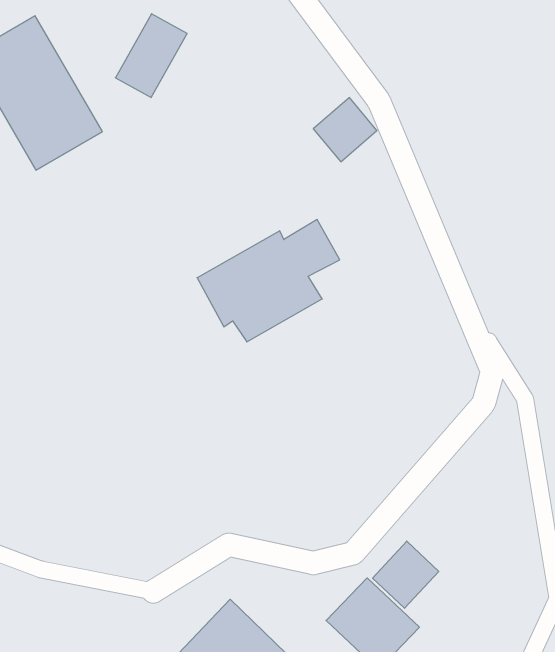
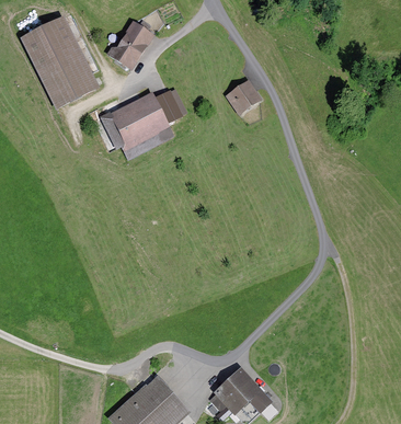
building: [197,219,340,342] -> [100,87,186,158]
building: [373,541,439,608] -> none

